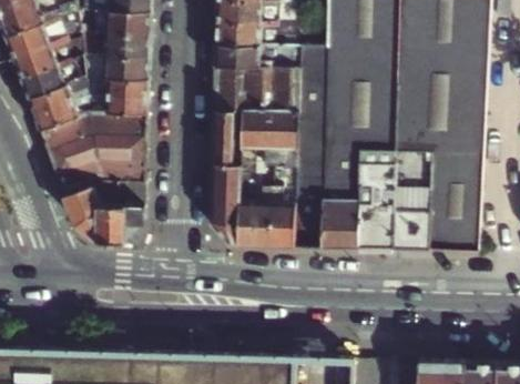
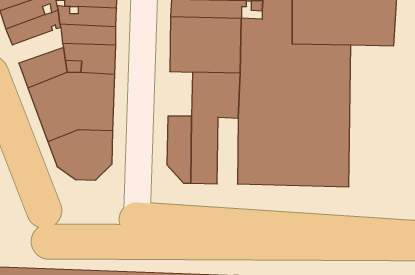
building: [22,58,84,101] -> none
building: [430,79,485,252] -> none
building: [211,111,241,165] -> none
building: [271,166,296,247] -> none

